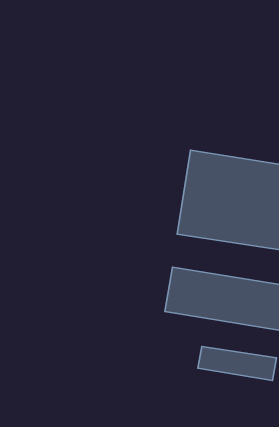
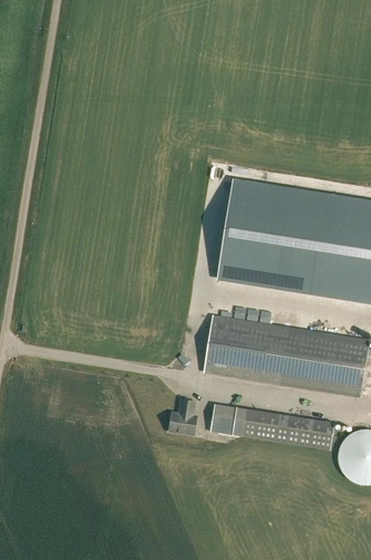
building: none -> [168,397,196,433]
building: none -> [209,403,246,434]

